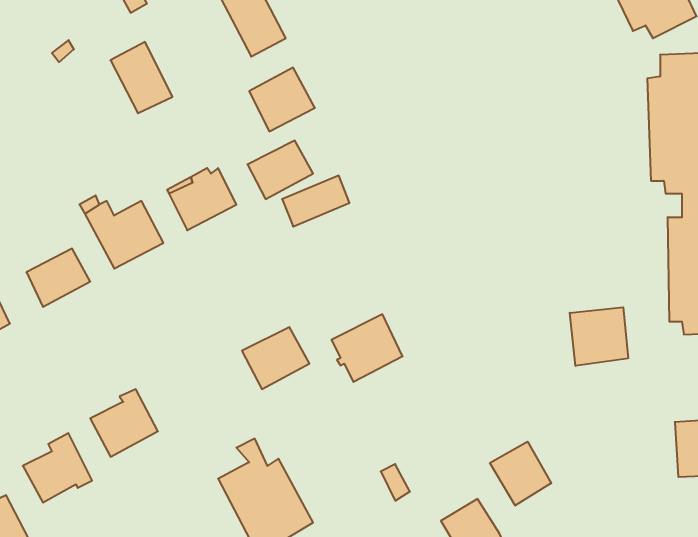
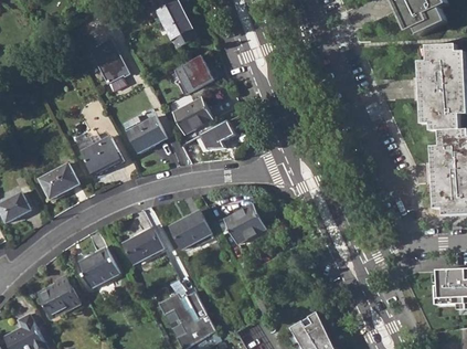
building: [570,307,628,366] -> none
building: none -> [124,229,164,265]
building: [490,442,551,506] -> none

